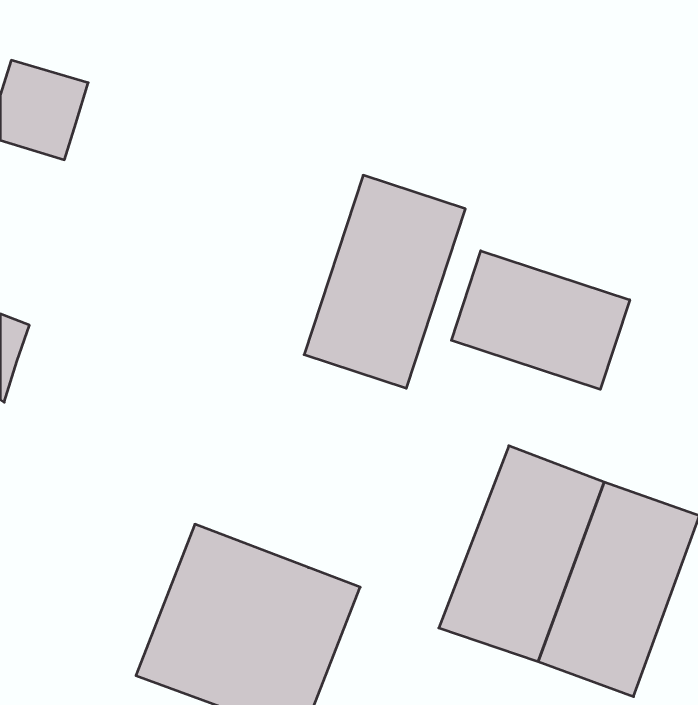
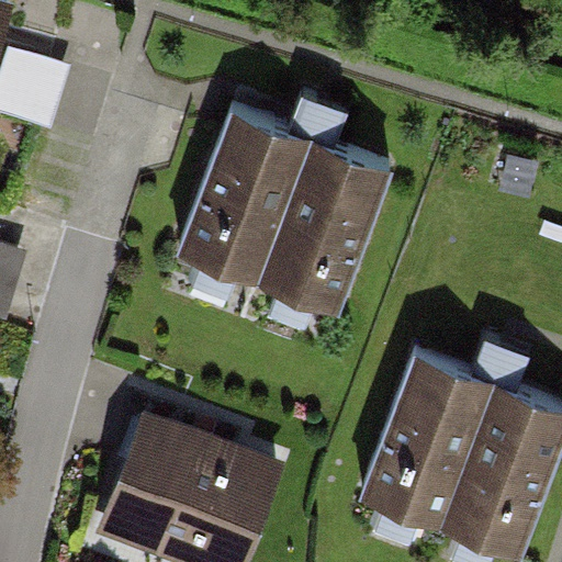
building: none -> [175,122,299,286]
building: [451,251,630,389] -> none

